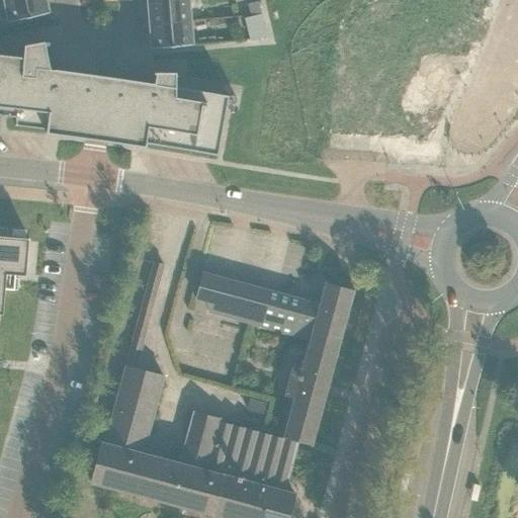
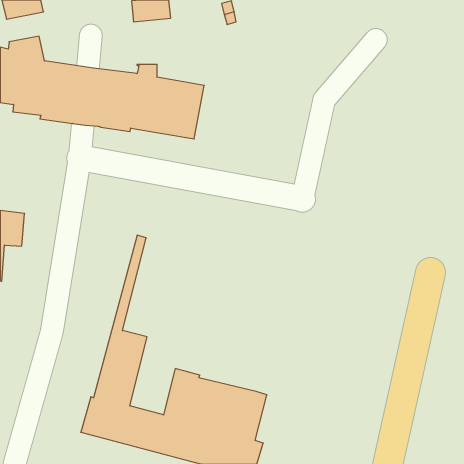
building: [149,20,192,48] -> none
building: [196,273,352,443] -> none

